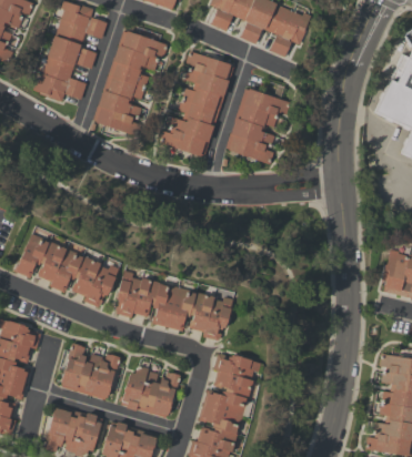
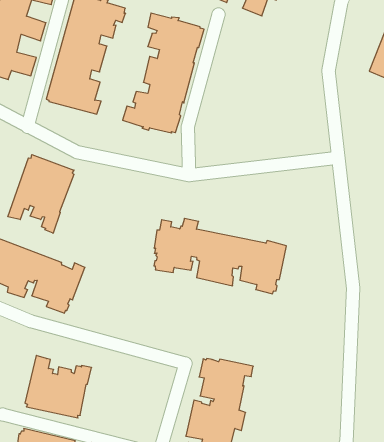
building: [225,84,290,164] -> none
building: none -> [8,155,74,233]
building: [115,271,232,341] -> [154,218,286,294]
building: [120,365,181,418] -> none

